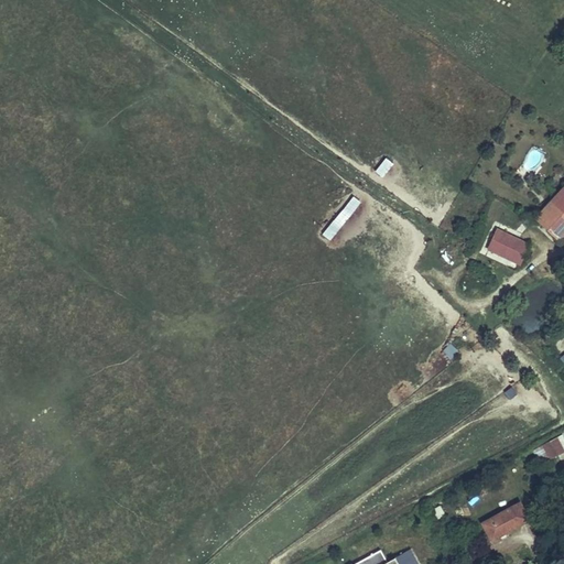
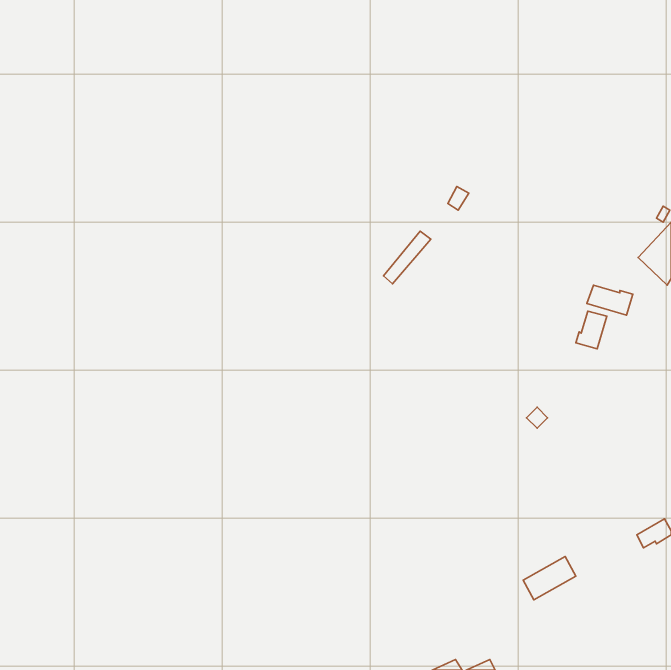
building: none -> [576,311,607,349]
building: [484,506,528,542] -> [523,556,576,600]

